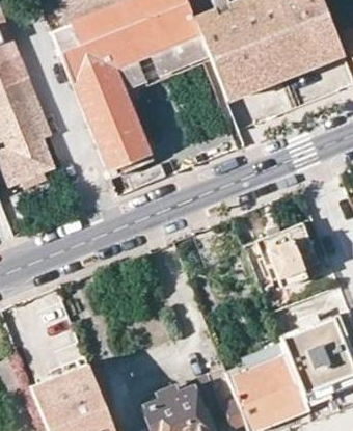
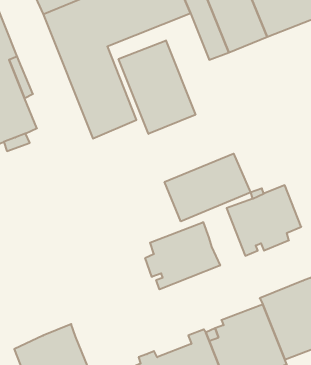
building: none -> [119,40,195,134]
building: none -> [165,154,250,221]
building: none -> [145,222,220,289]

